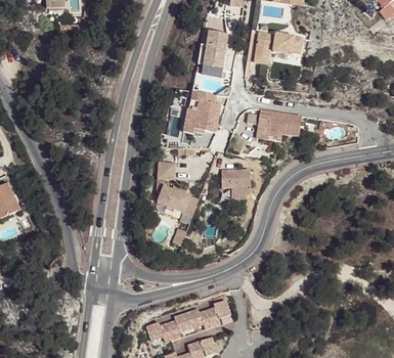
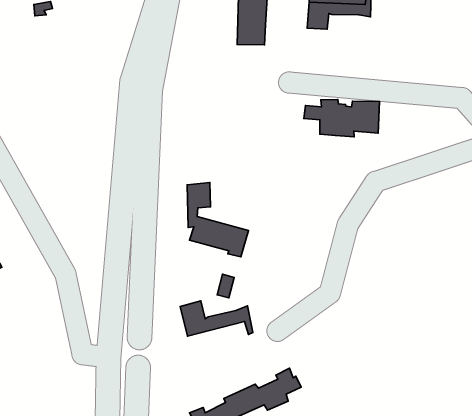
building: [193,93,221,132] -> none
building: [221,169,251,199] -> none
building: none -> [180,301,253,336]

